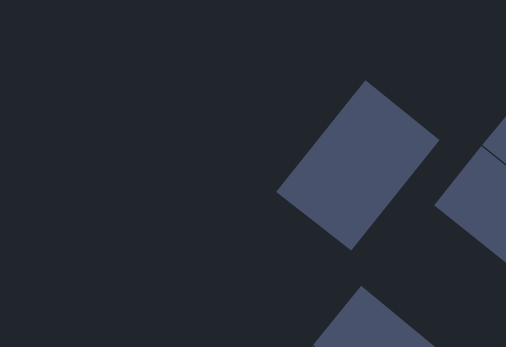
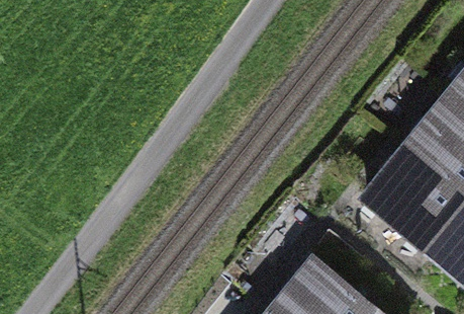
building: [275,79,441,251] -> none

